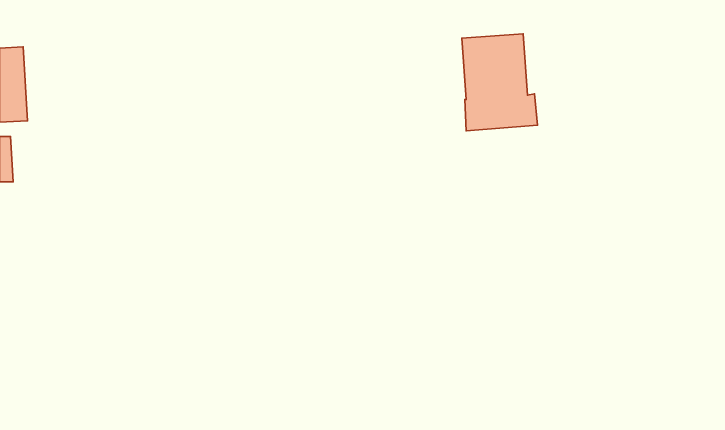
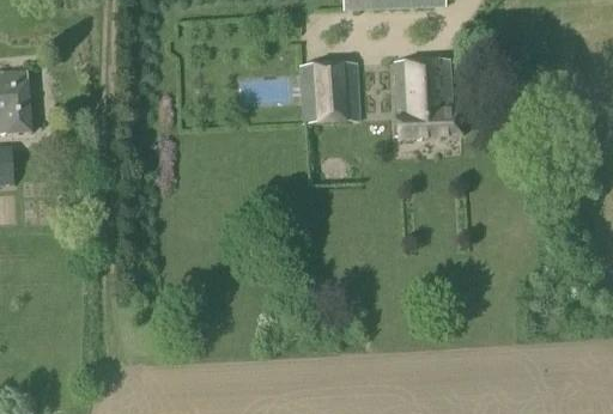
building: none -> [299,62,360,124]

